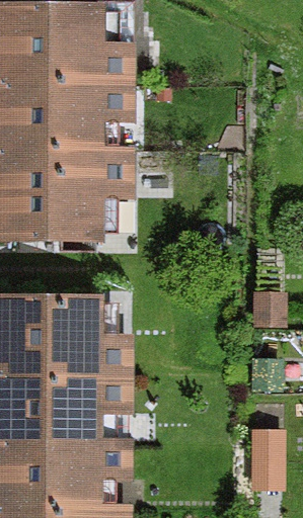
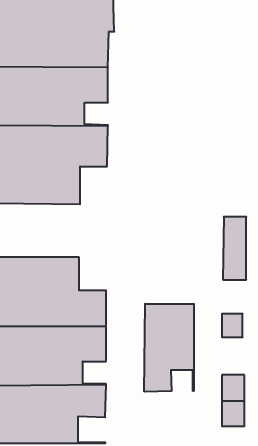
building: none -> [144,304,194,392]

